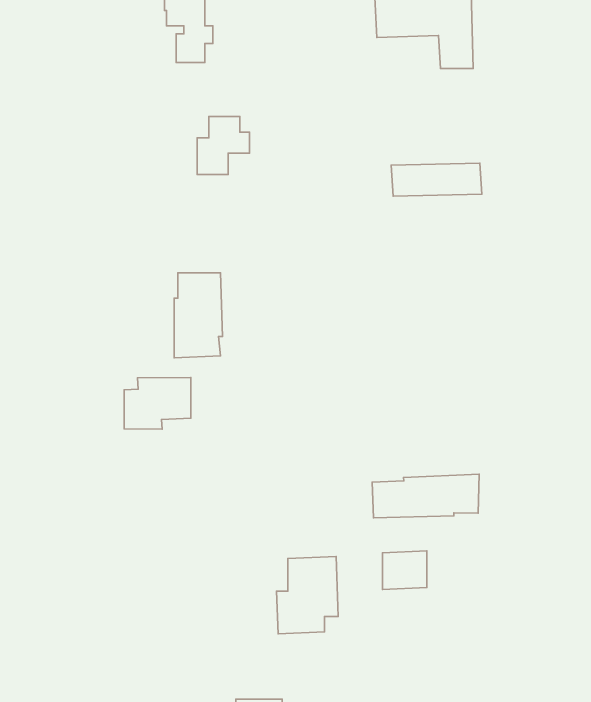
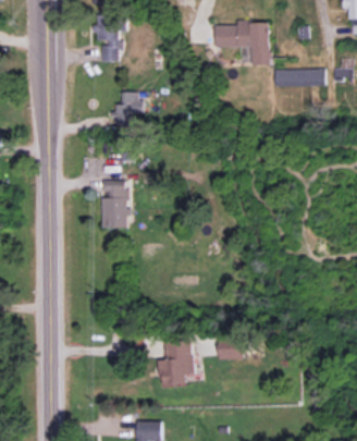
building: [391,163,482,196] -> [274,69,325,87]
building: [124,377,191,429] -> none
building: [372,474,479,518] -> none

